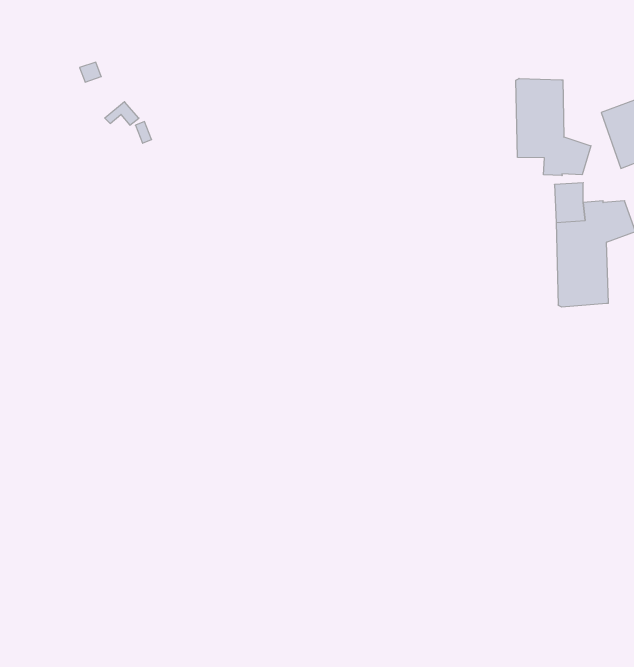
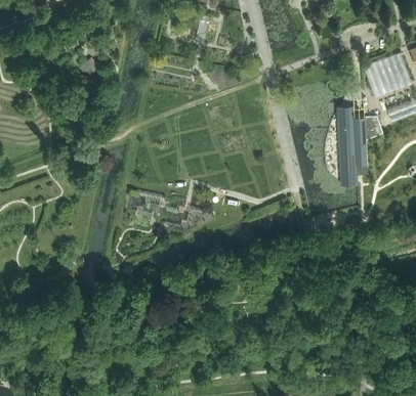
building: [516,78,591,176] -> none

